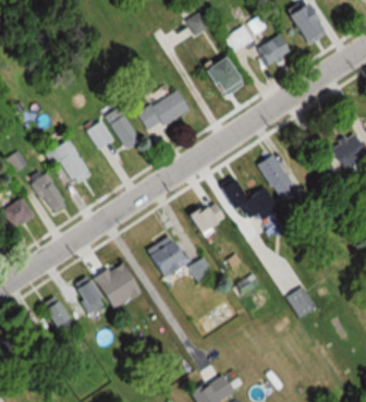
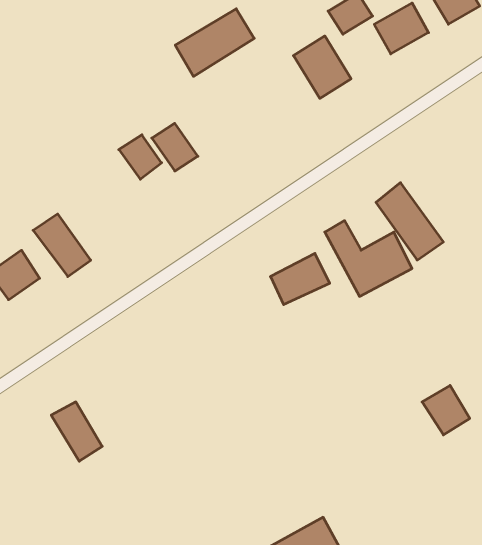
building: [138,89,191,134] -> [175,9,254,76]
building: [45,136,90,185] -> none
building: [145,235,216,282] -> none
building: [74,261,142,315] -> none

